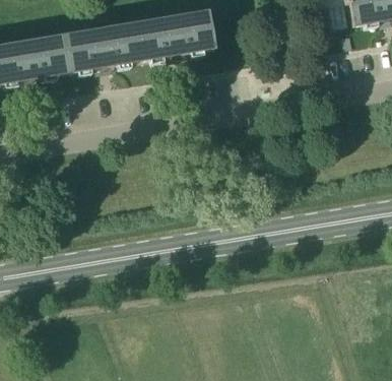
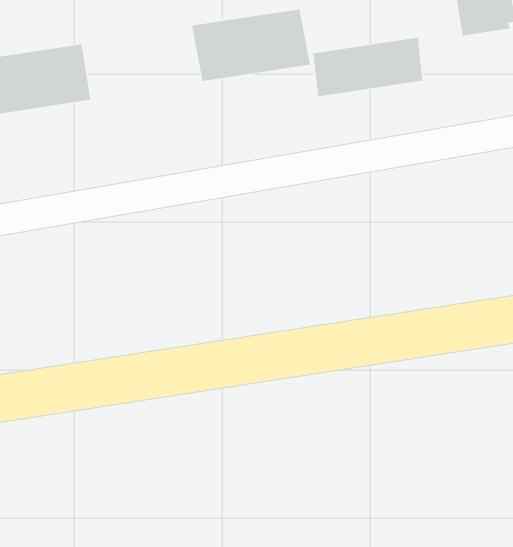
building: [62,21,142,71] -> none
building: none -> [313,37,423,97]

